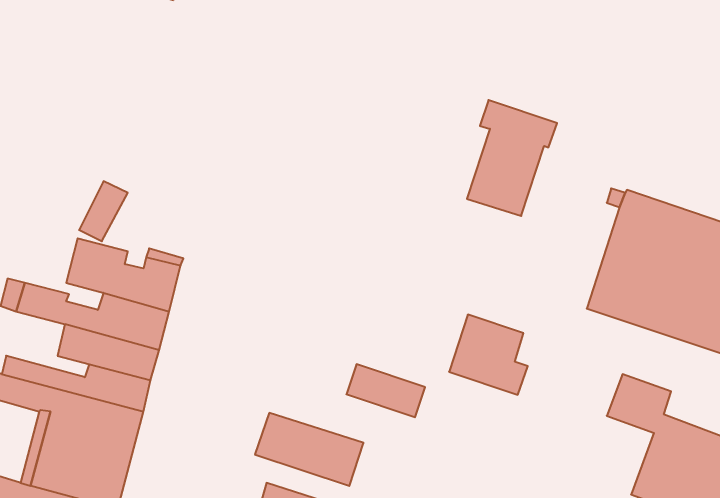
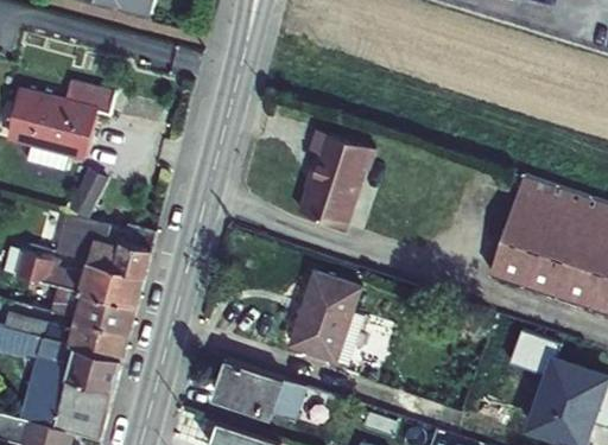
building: none -> [8,87,118,180]
building: [467,100,557,216] -> [298,131,373,227]
building: [449,315,528,395] -> [298,273,363,339]

